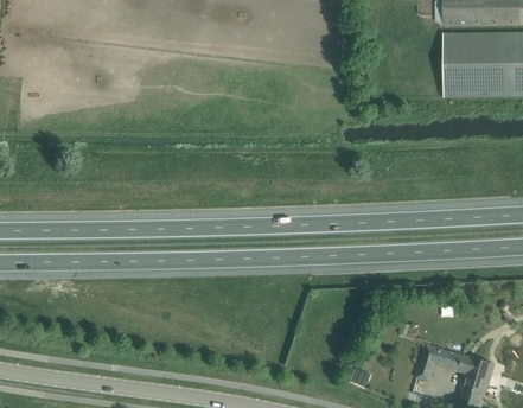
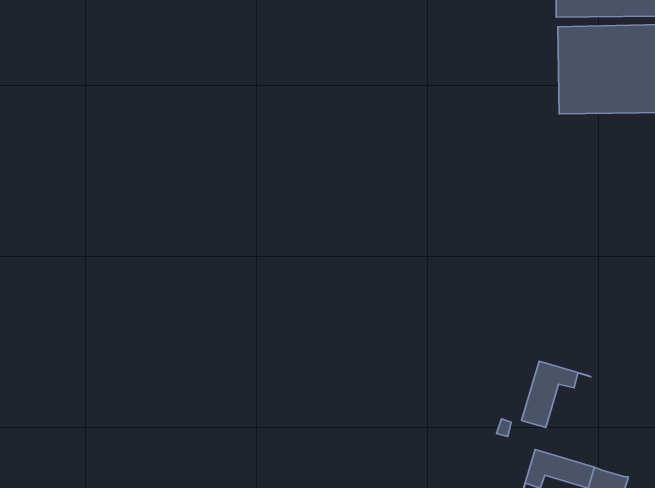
building: none -> [521,361,591,428]

